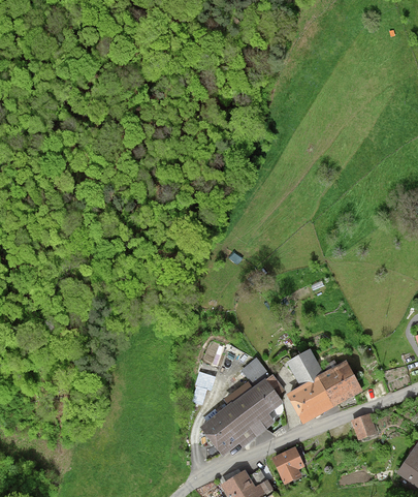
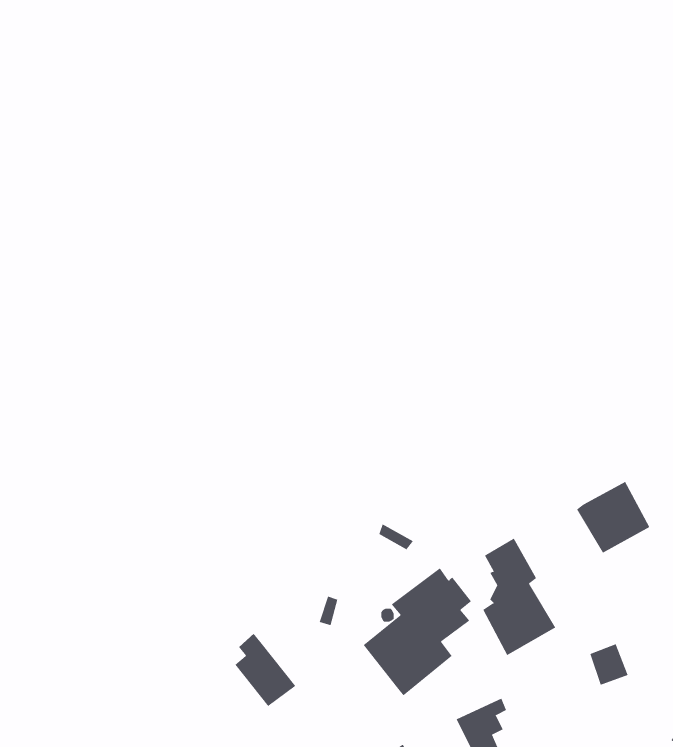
building: [317,363,360,405] -> [576,481,650,553]
building: [202,409,238,453] -> [235,633,296,707]

